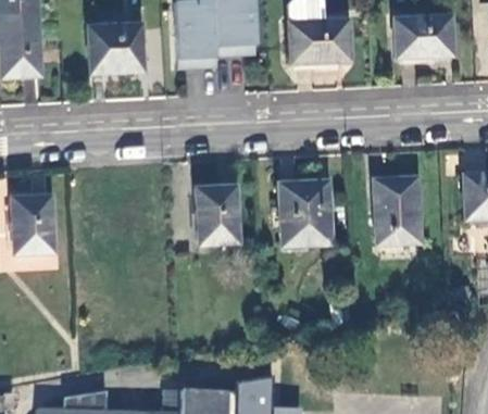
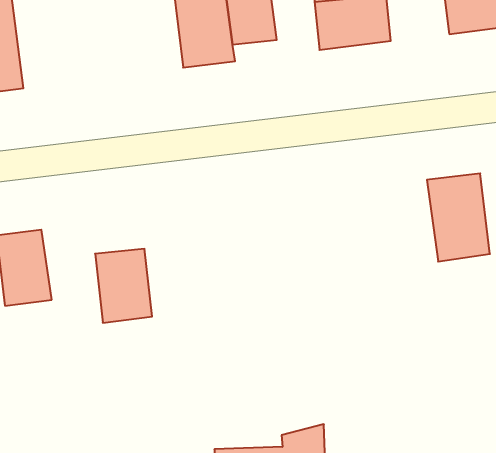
building: [92,25,148,74] -> none
building: [279,181,330,247] -> none
building: [193,186,237,244] -> [95,249,152,323]

